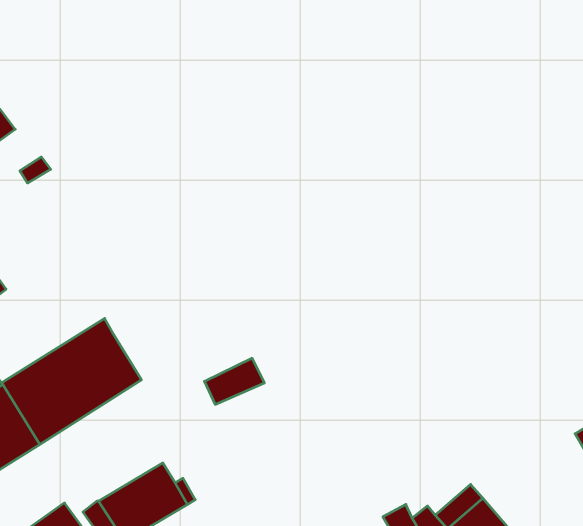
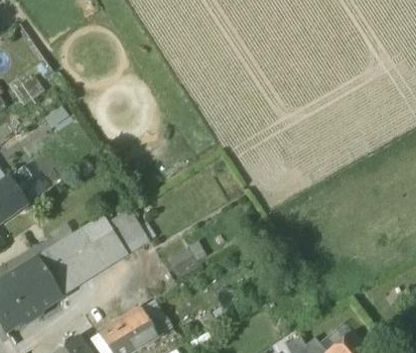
building: none -> [107,210,148,255]

